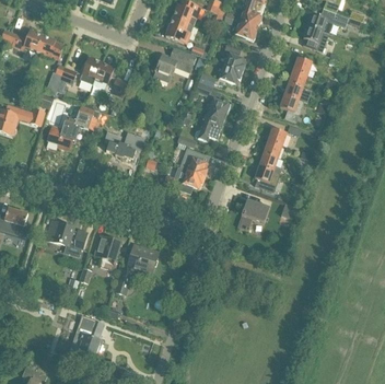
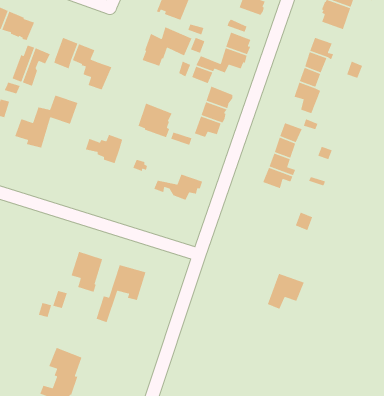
building: [180,148,210,177] -> [137,103,173,138]
building: [237,199,269,230] -> [267,273,305,310]
building: [46,220,88,258] -> none

